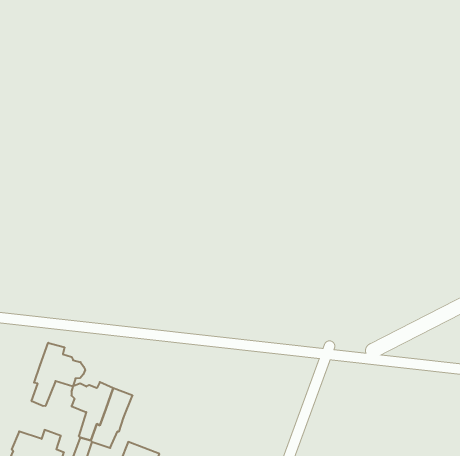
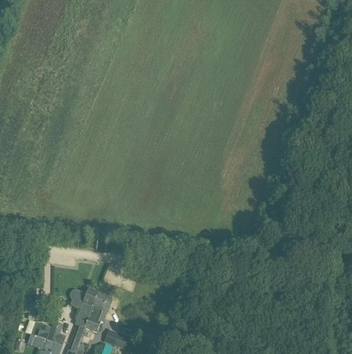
building: [32,343,85,406] -> none

